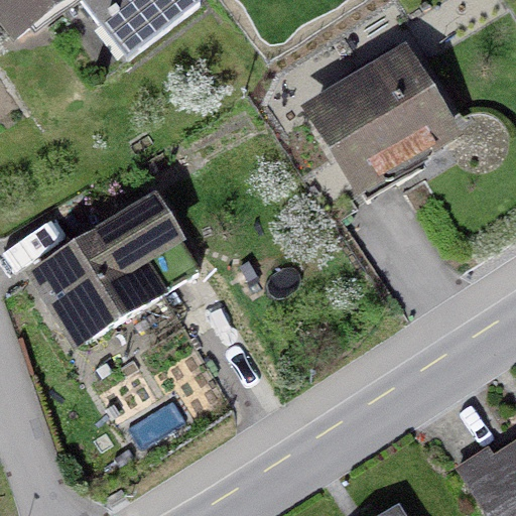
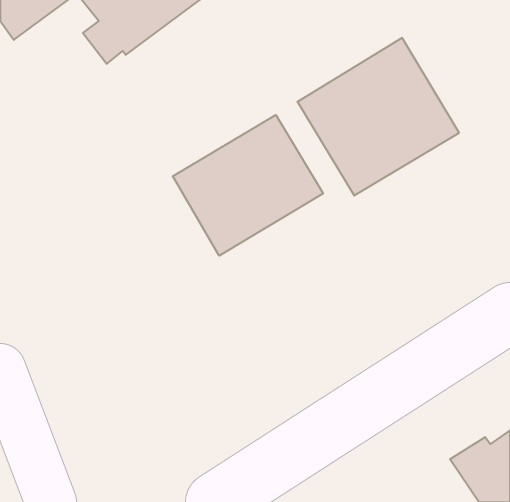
building: none -> [173,115,323,256]
building: [29,191,200,347] -> none

